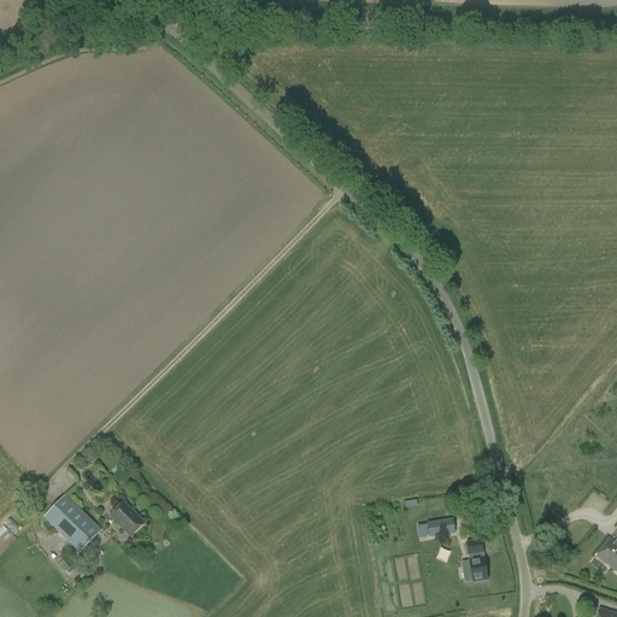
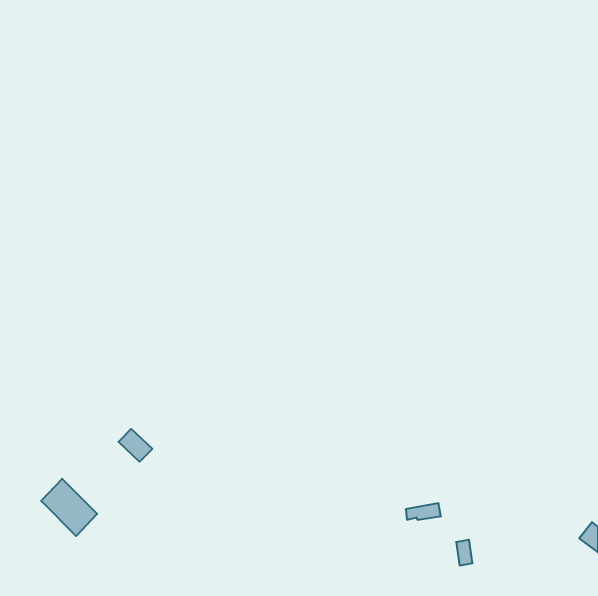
building: [108,500,143,534] -> [118,429,152,462]

